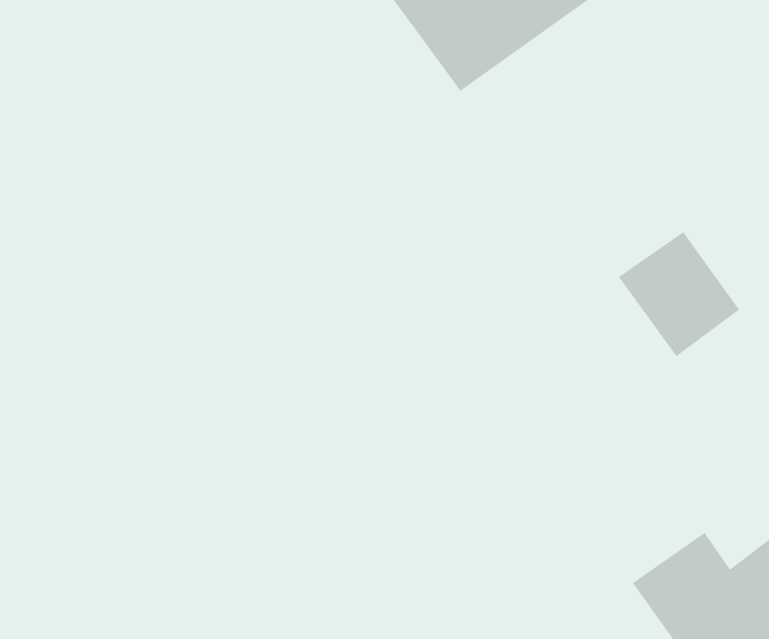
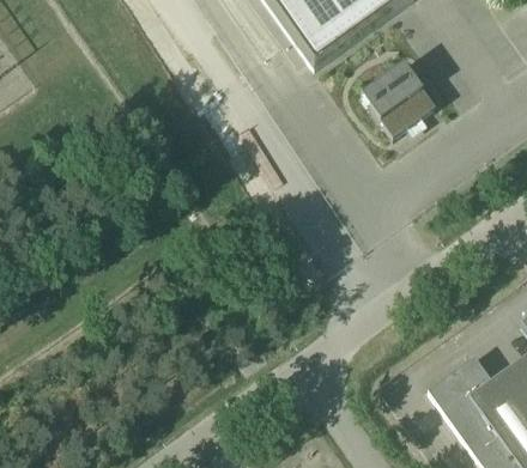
building: [618,231,740,357] -> [355,56,435,139]

